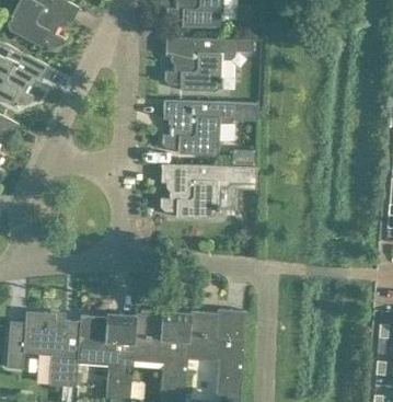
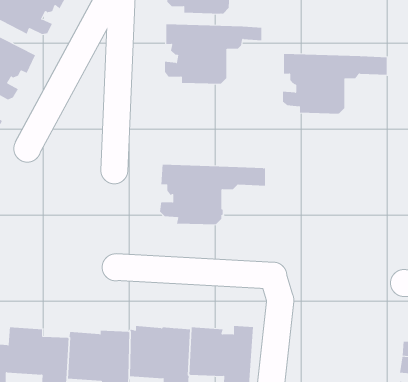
building: [162,101,257,156] -> [282,54,387,114]

